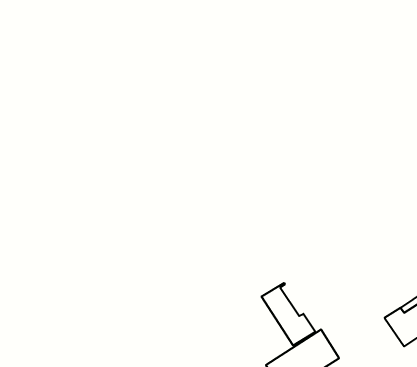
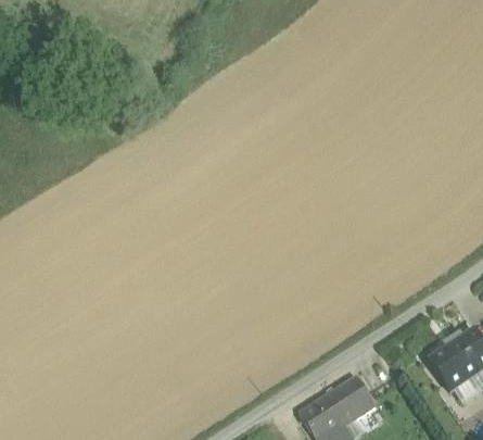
building: [262,283,316,345] -> none

